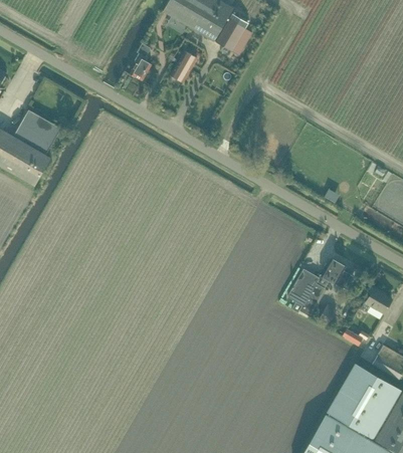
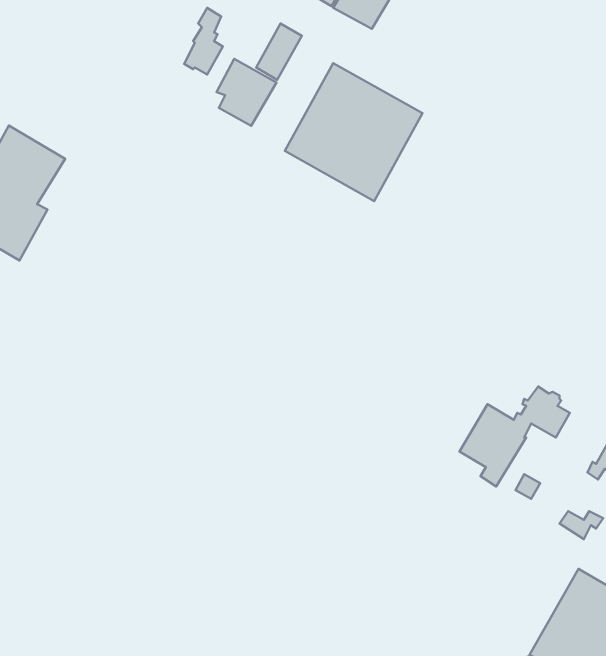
building: none -> [216,59,277,126]
building: none -> [285,63,423,201]

